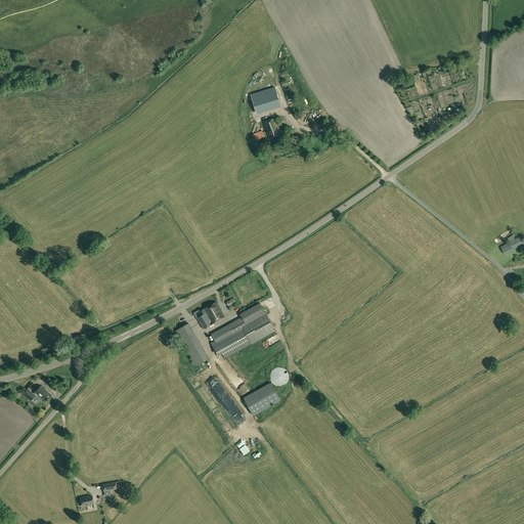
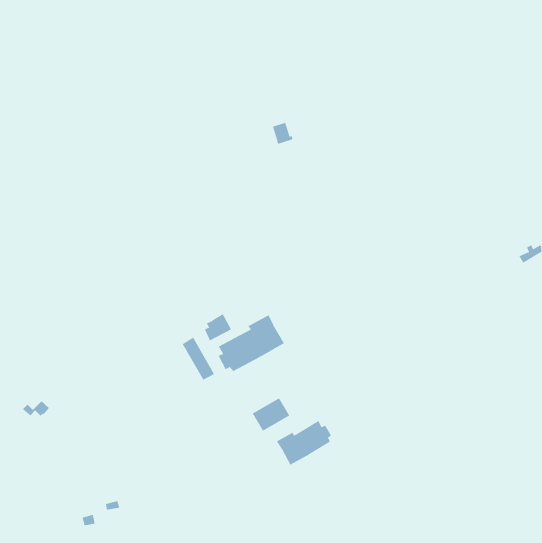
building: [250,87,279,114] -> none
building: none -> [276,420,332,466]

